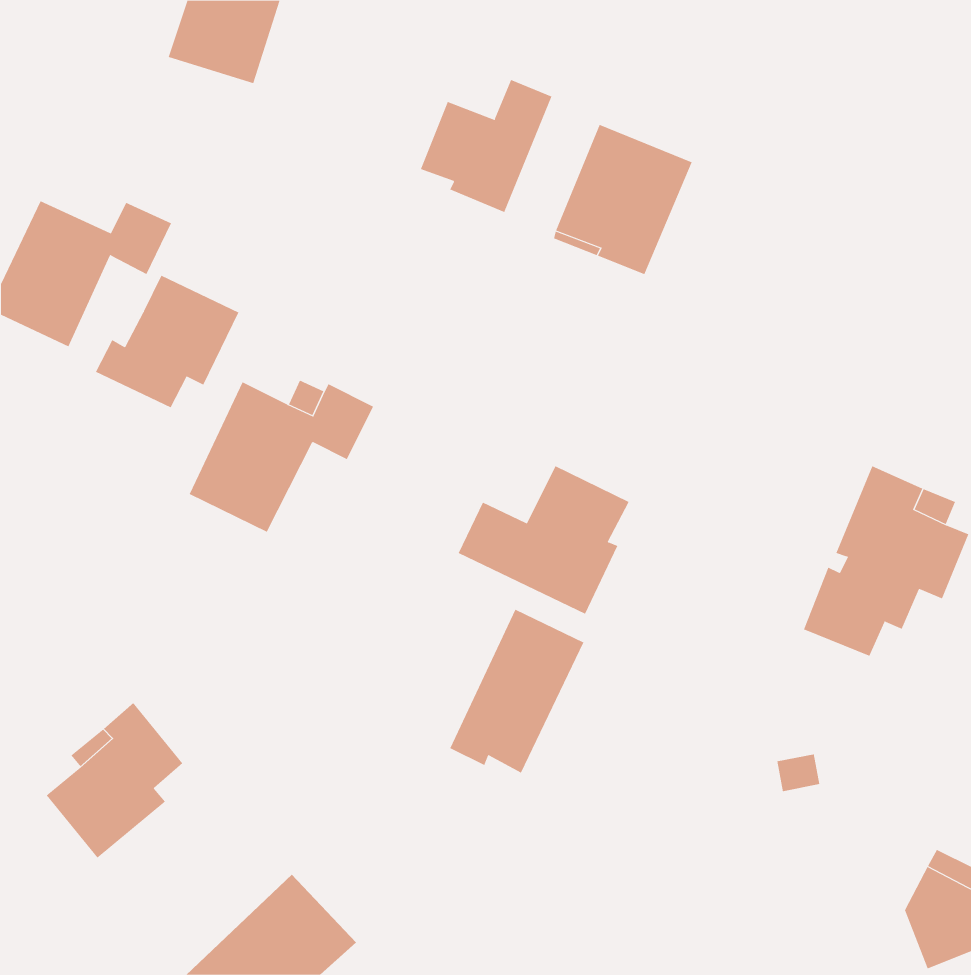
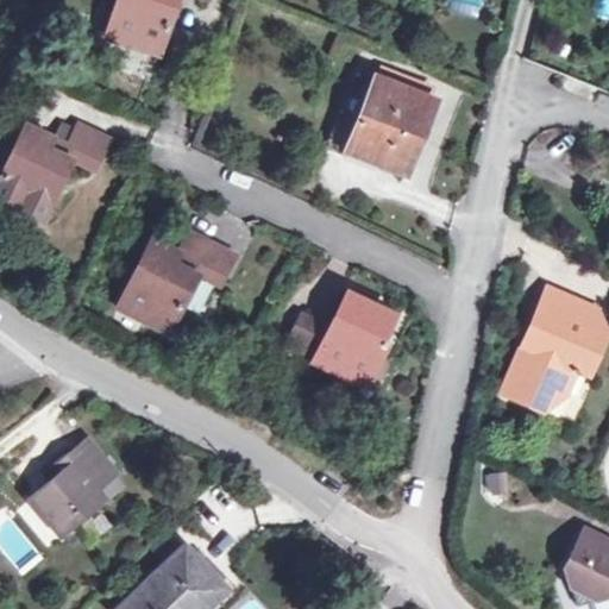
building: [420,79,552,213] -> none
building: [95,275,239,408] -> none
building: [449,609,584,774] -> none

